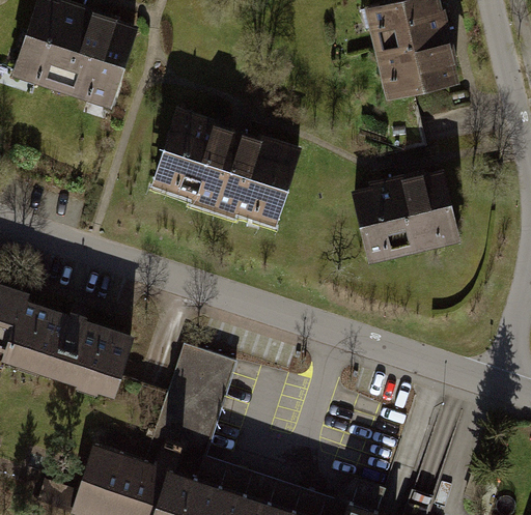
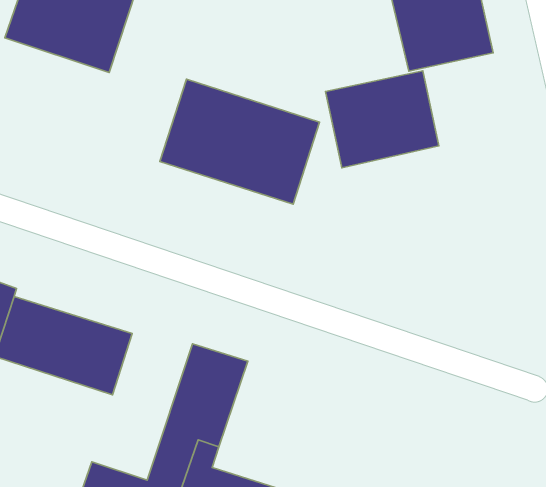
building: [356,176,457,263] -> [326,71,439,168]

